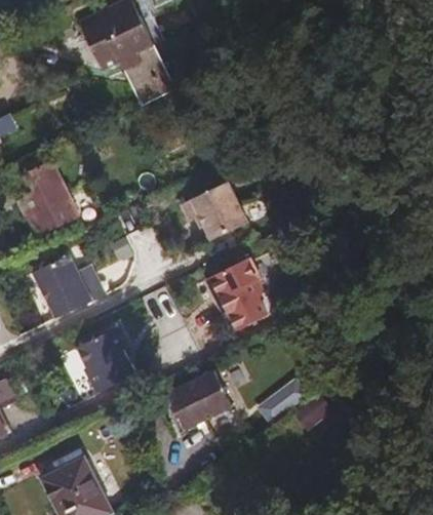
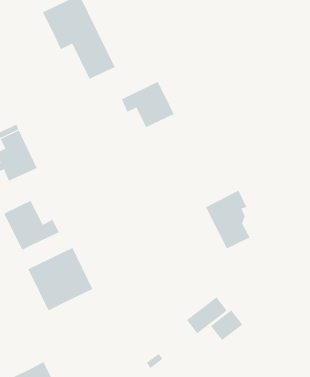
building: [180,182,246,240] -> [121,81,175,128]
building: [210,255,267,329] -> [205,190,250,249]
building: [167,371,229,429] -> none

